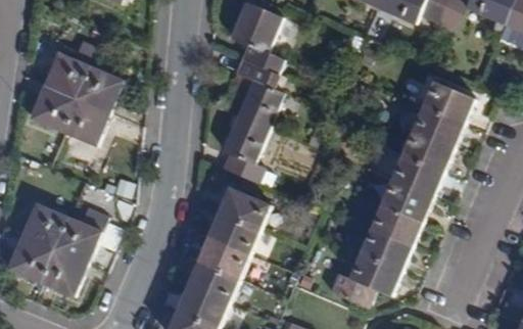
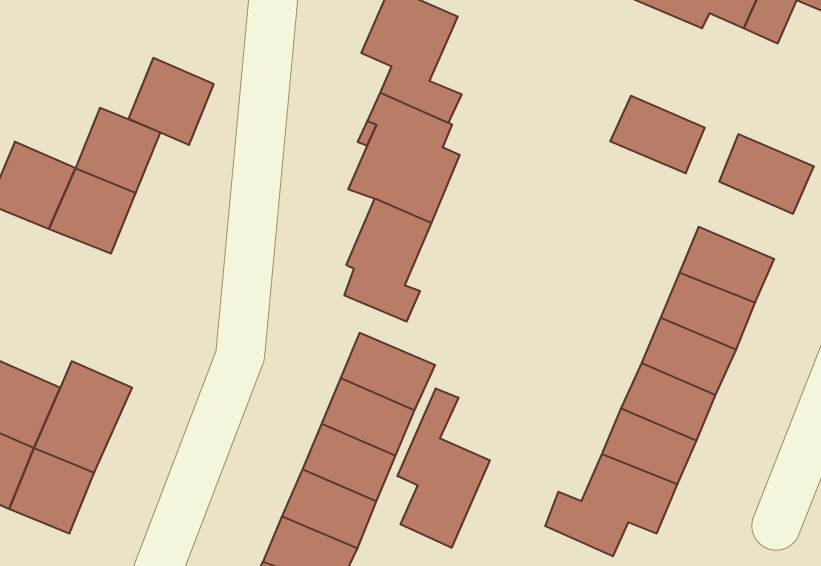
building: [44,51,90,98] -> [129,58,214,145]
building: [413,105,464,147] -> [610,96,705,173]
building: none -> [397,388,490,548]

